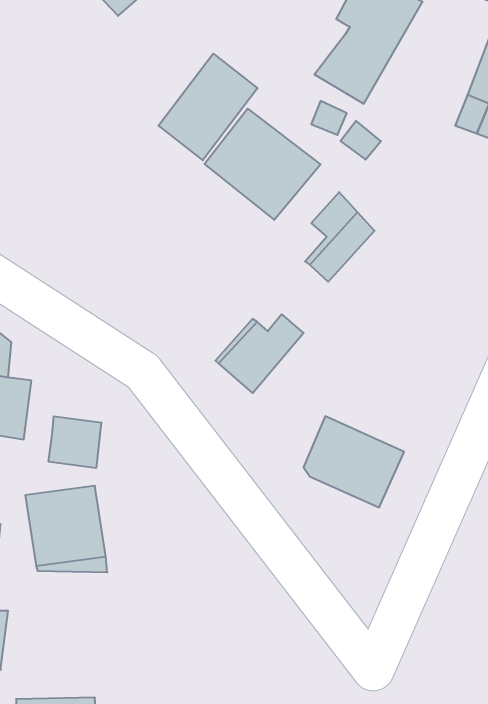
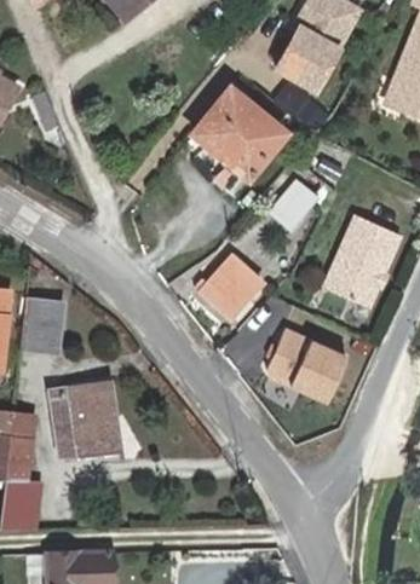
building: [158,54,258,160] -> none
building: none -> [323,215,403,308]
building: [49,416,101,468] -> none

